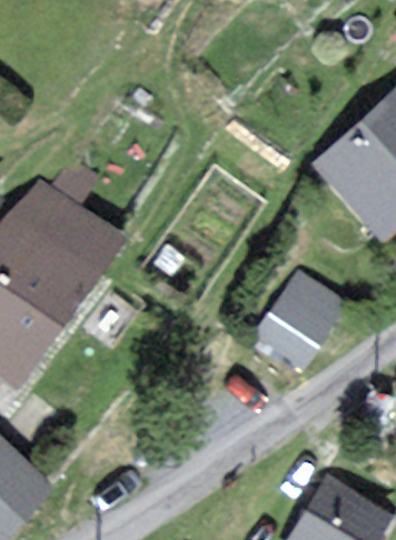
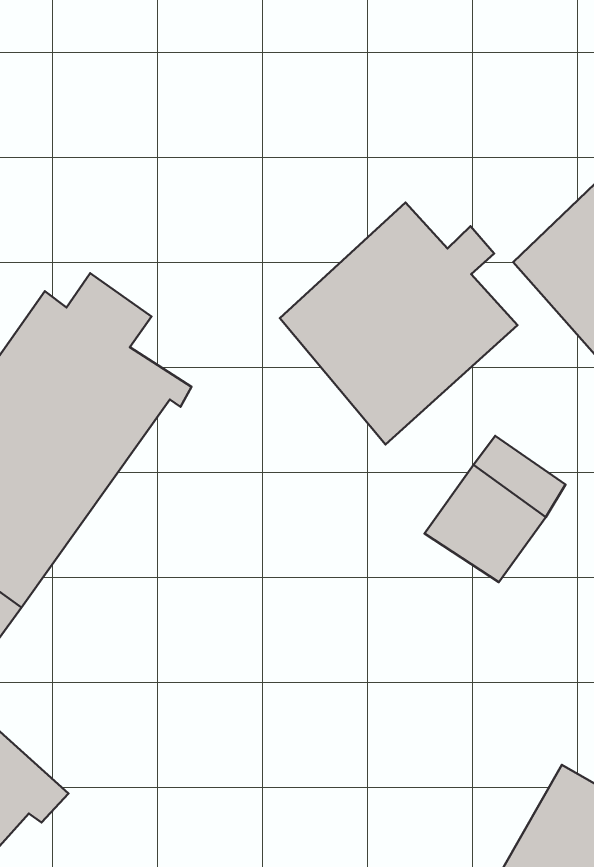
building: none -> [280,203,517,444]

